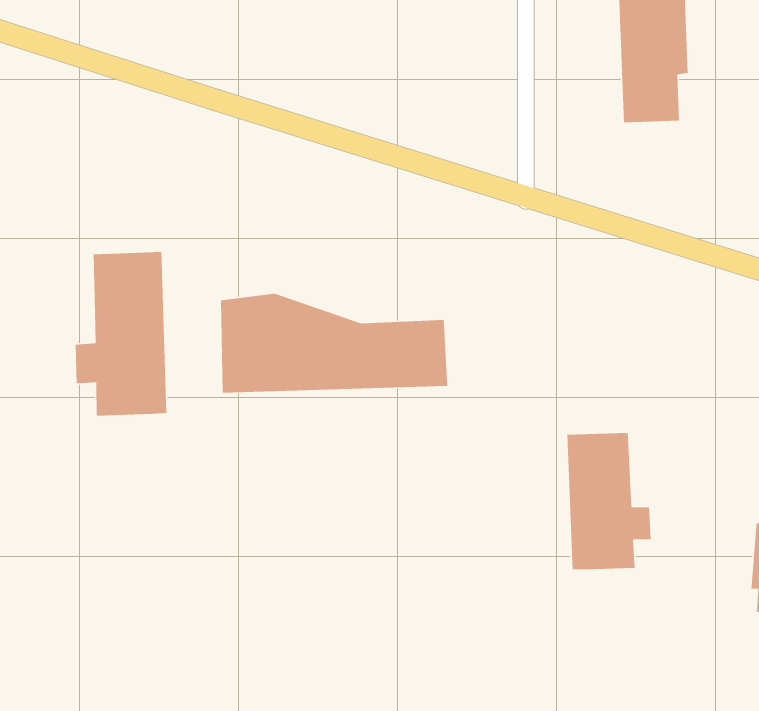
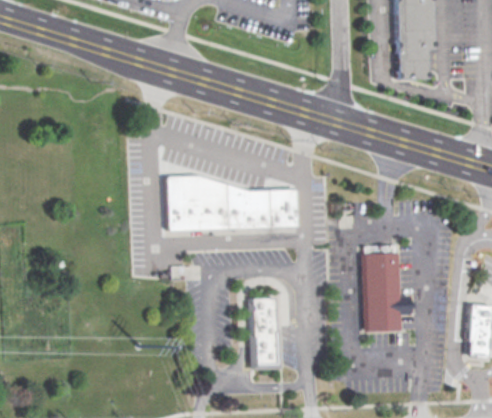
building: [75,251,167,417] -> none
building: none -> [249,298,281,370]

